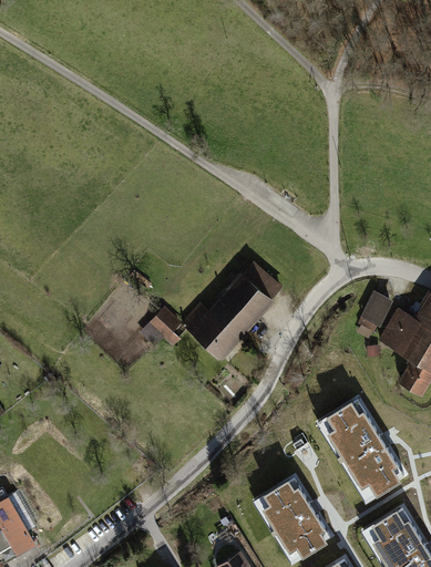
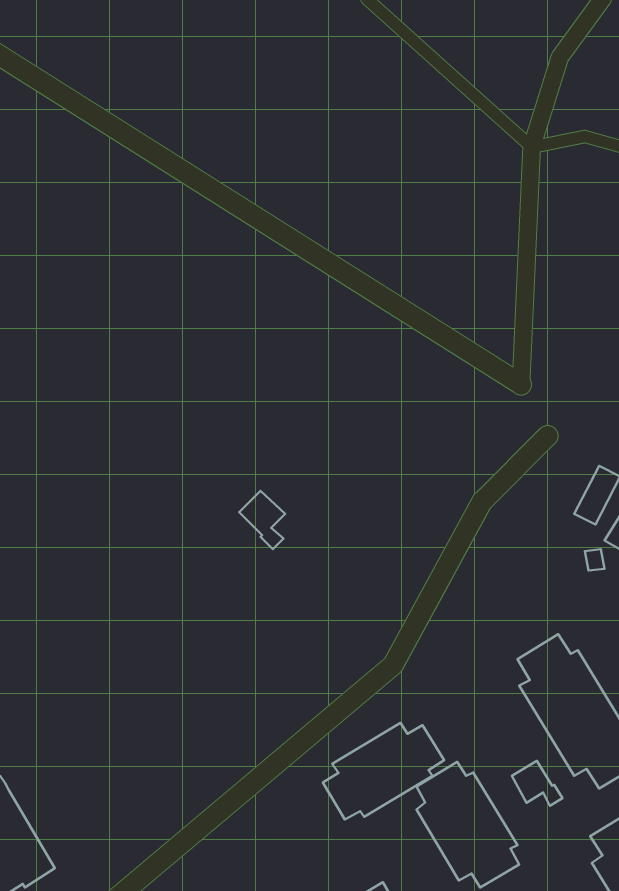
building: [185,266,280,358] -> none
building: none -> [323,723,444,820]
building: none -> [512,761,562,806]

